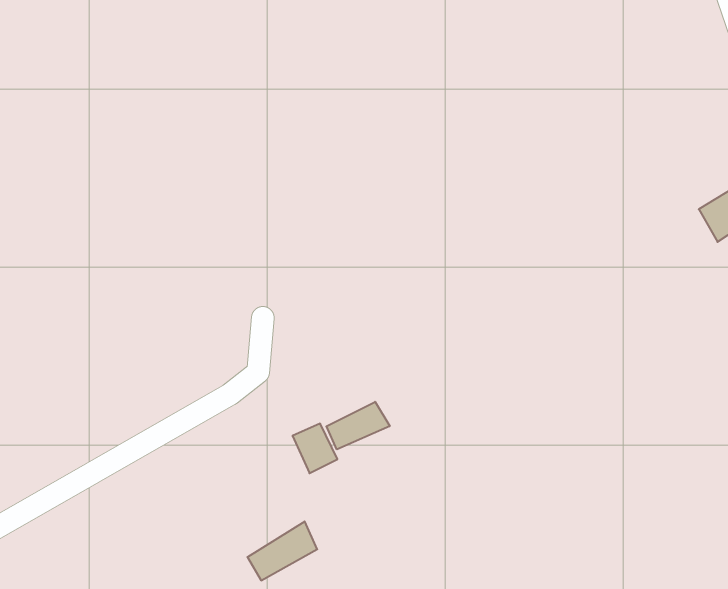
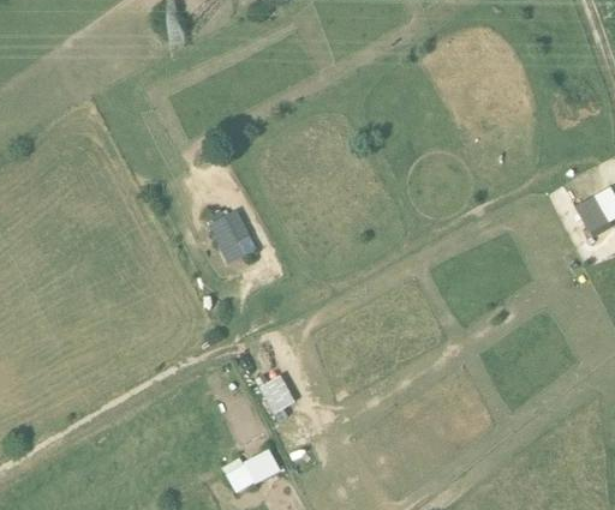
building: none -> [208,210,255,266]
building: [326,402,390,449] -> none

